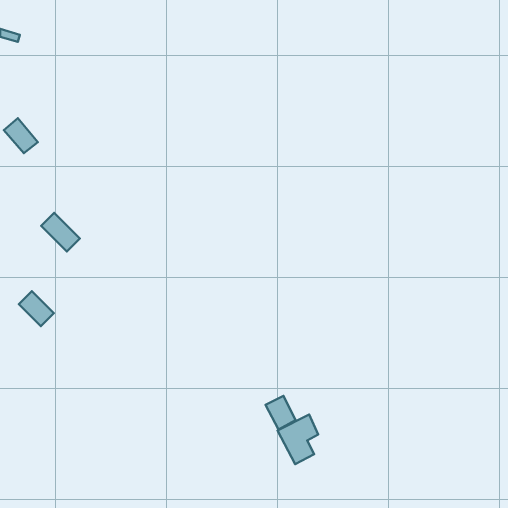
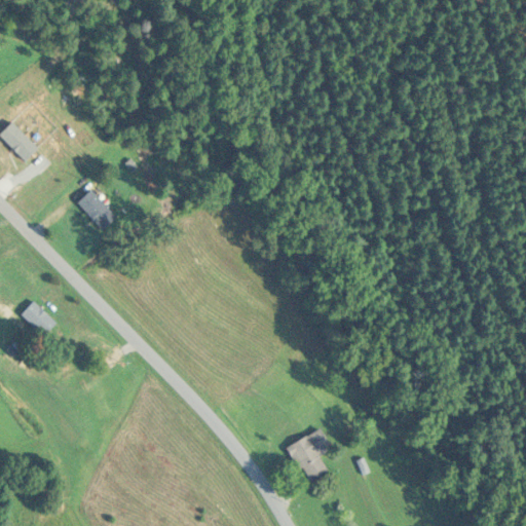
building: [41,213,80,252] -> [75,190,115,230]
building: [265,396,296,430] -> none

